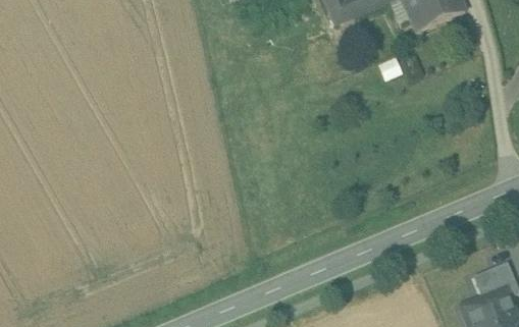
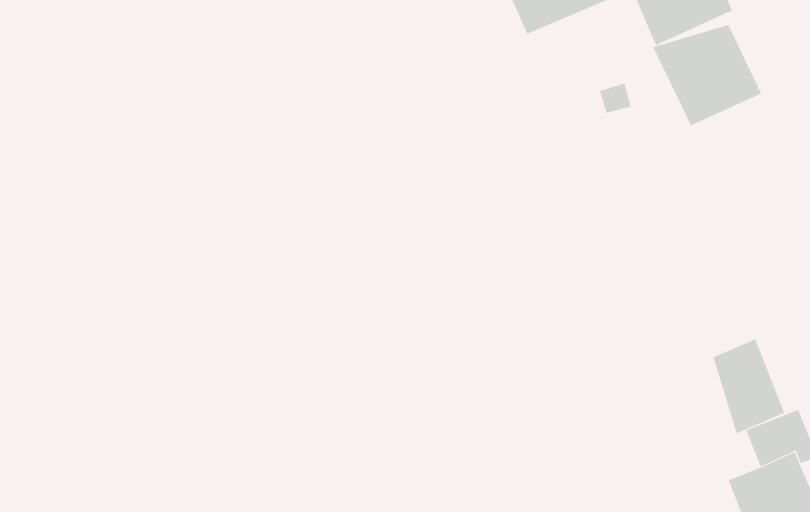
building: none -> [653,24,762,126]
building: none -> [713,339,785,434]

